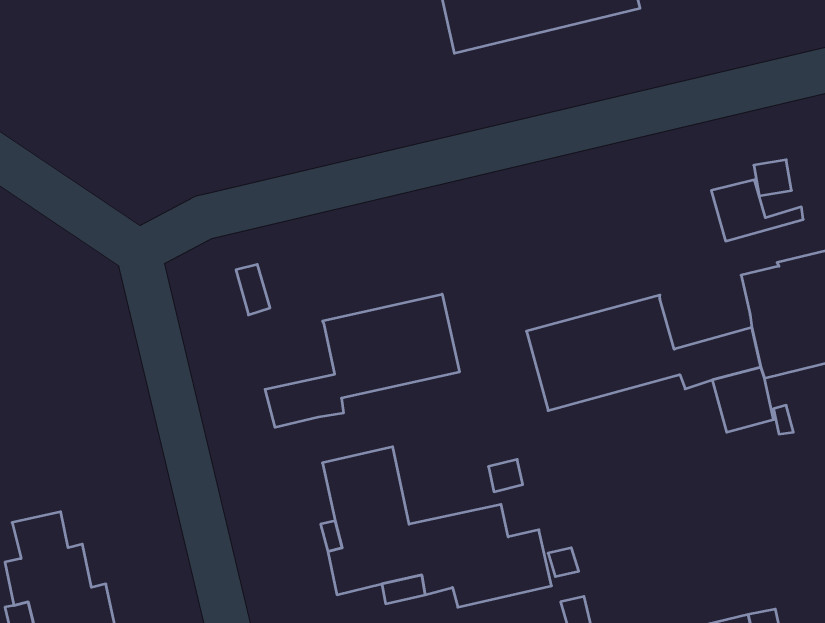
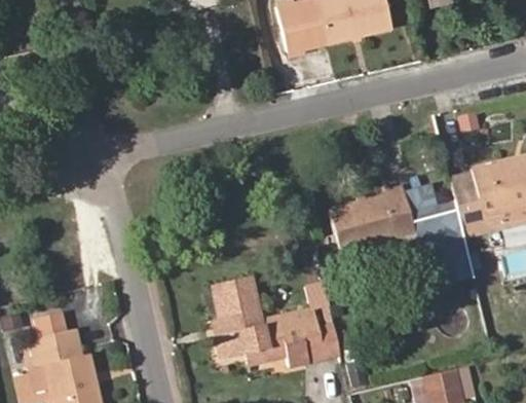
building: [711,180,803,241] -> [404,185,456,220]
building: [265,294,459,427] -> none

